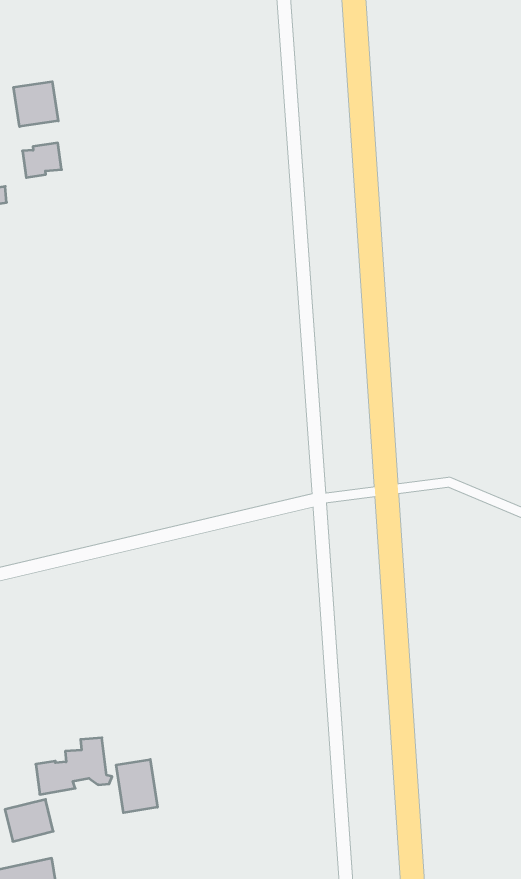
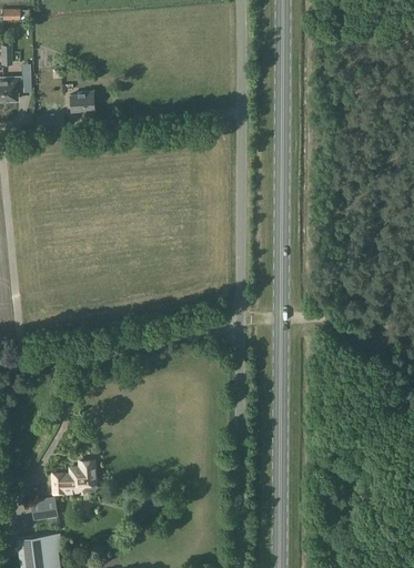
building: [14,82,58,127] -> none
building: [116,759,157,813] -> none

